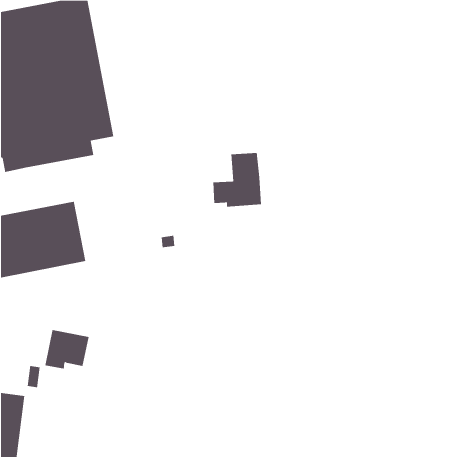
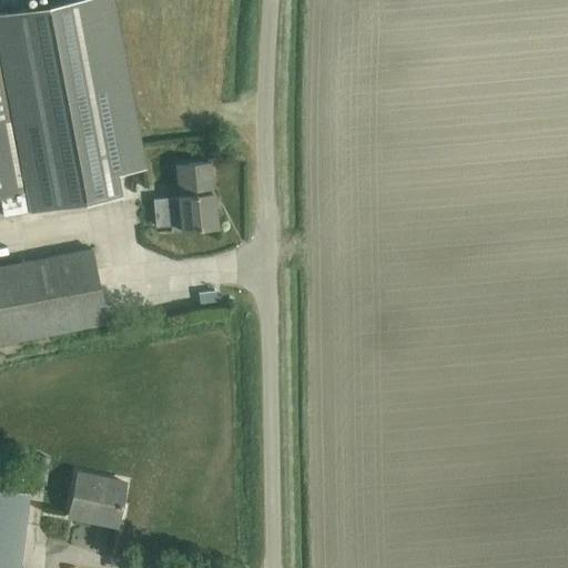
building: [213,152,262,207] -> [154,164,215,232]
building: [45,330,89,369] -> [70,473,125,521]

